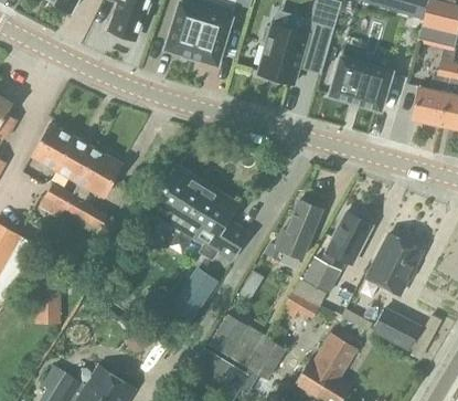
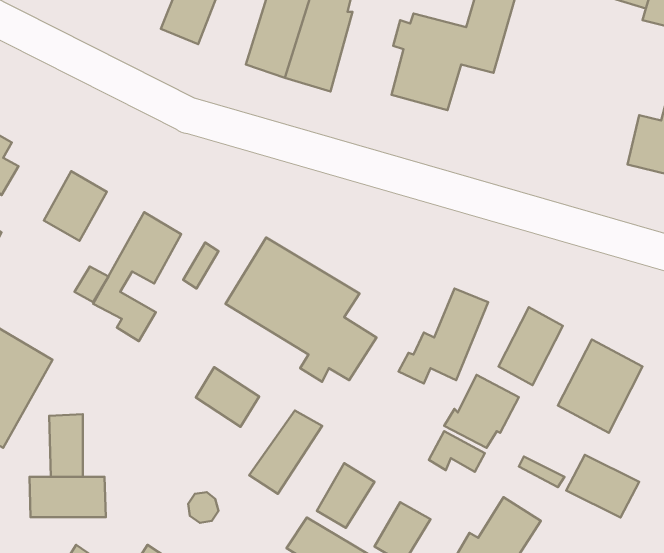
building: [327,56,394,114] -> none
building: [55,137,97,182] -> none
building: none -> [196,367,259,427]
building: none -> [29,477,106,517]

